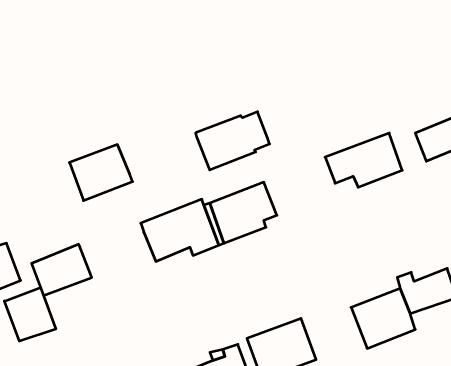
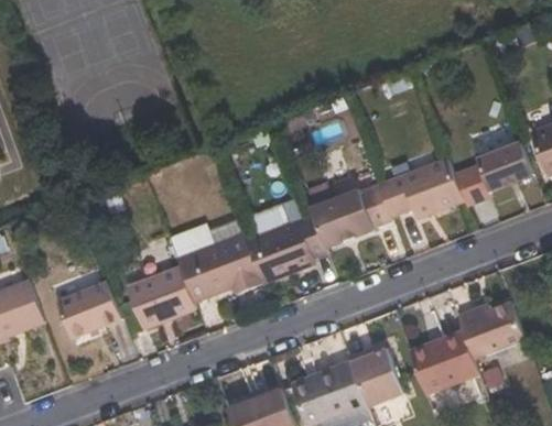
building: [196,112,270,170] -> [311,185,392,249]
building: [69,145,133,201] -> [127,267,196,329]
building: [4,287,56,341] -> none
building: none -> [350,350,403,407]

